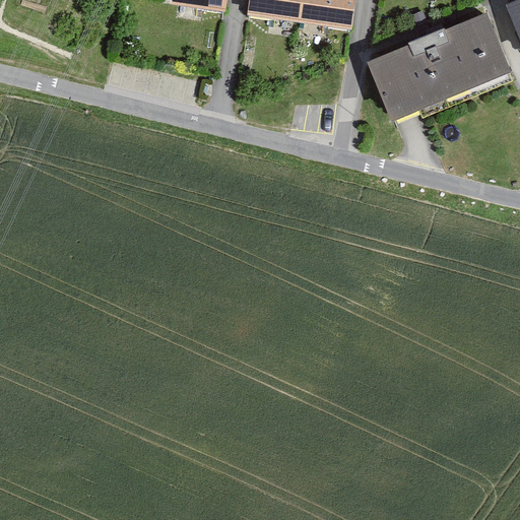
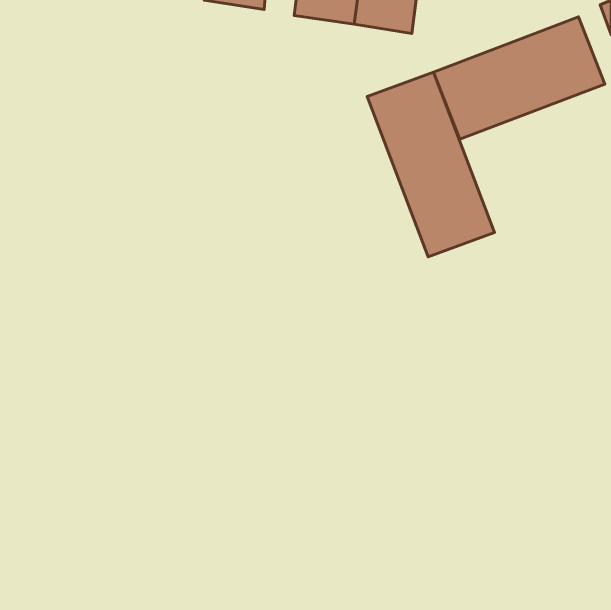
building: none -> [367,72,494,257]

